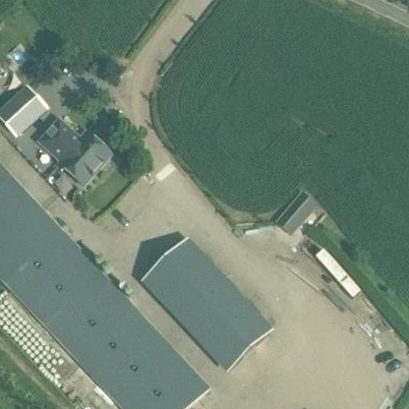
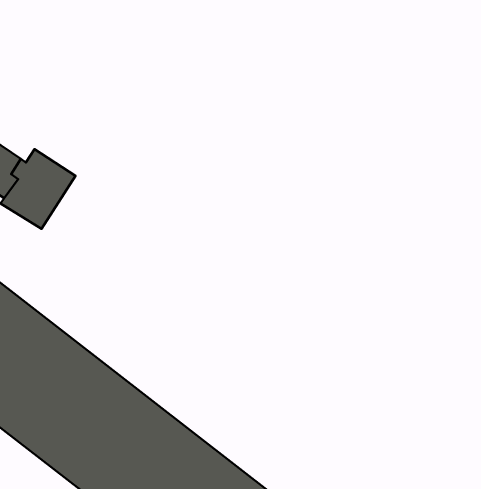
building: [275,189,314,233] -> none
building: [144,242,269,370] -> none

